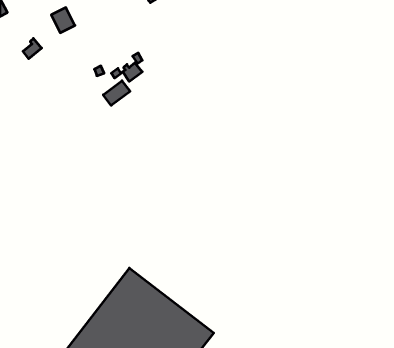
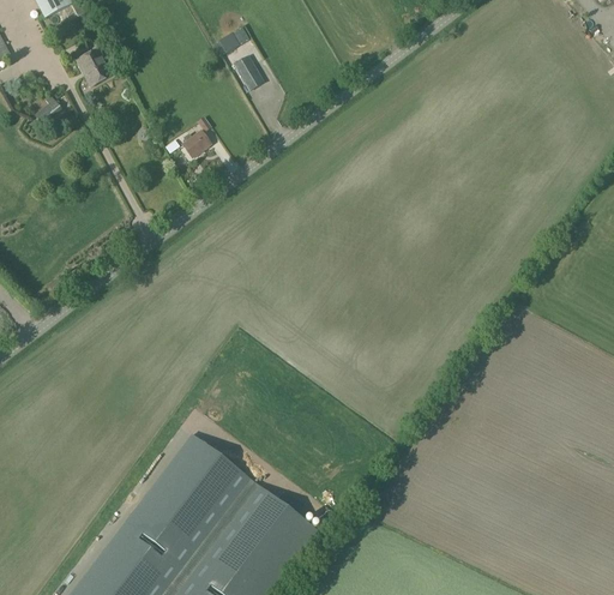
building: none -> [234,59,265,95]
building: [103,81,130,105] -> none

